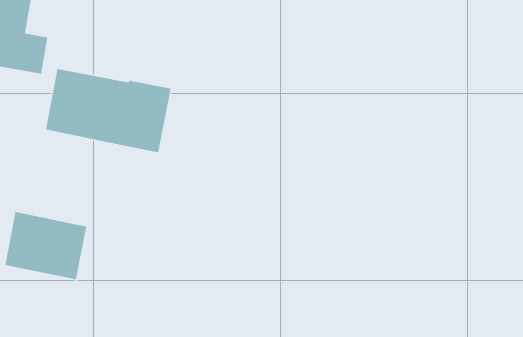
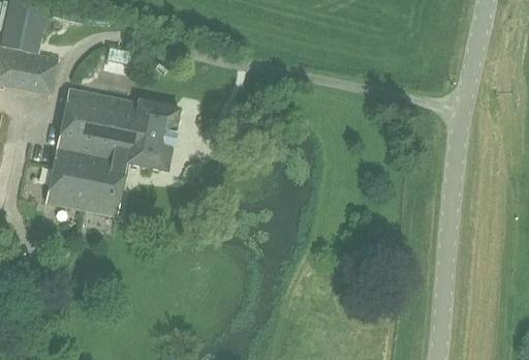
building: [4,211,87,280] -> [45,148,126,215]

